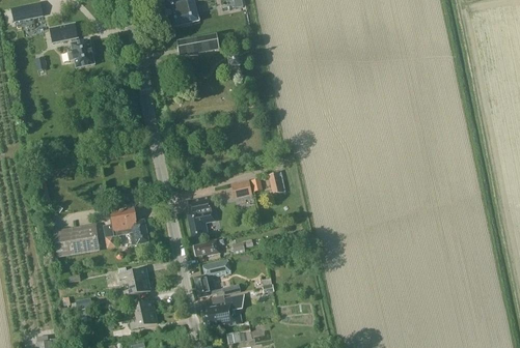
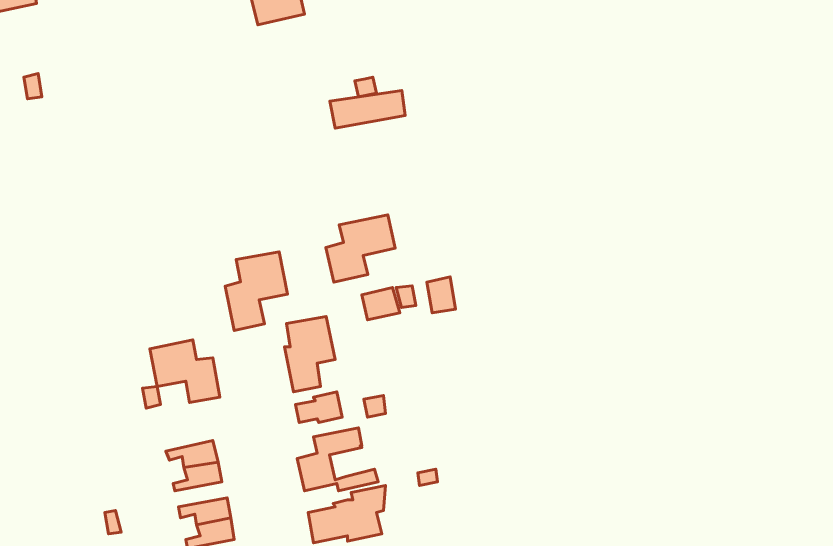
building: [50,23,95,68] -> none
building: [176,35,220,57] -> [330,90,405,128]
building: none -> [326,215,395,282]
building: none -> [225,252,288,330]
building: [54,223,101,256] -> none

